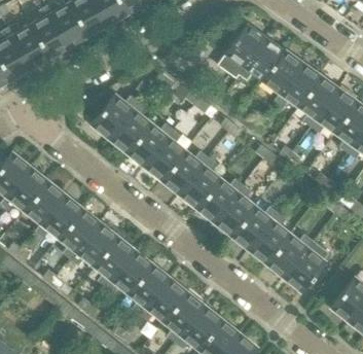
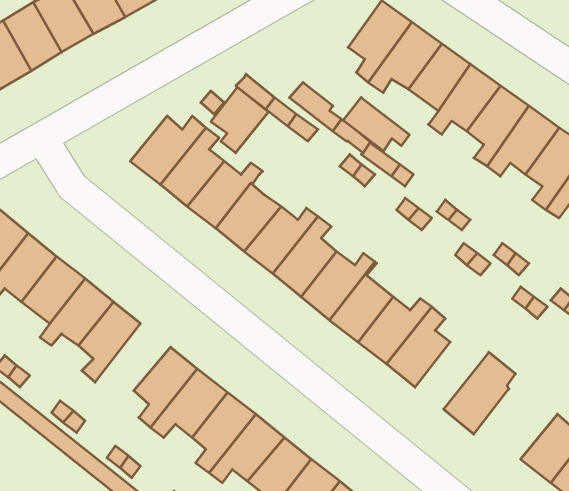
building: none -> [211,87,268,153]
building: none -> [343,97,409,151]
building: [69,222,115,264] -> none
building: [265,234,311,275] -> none

